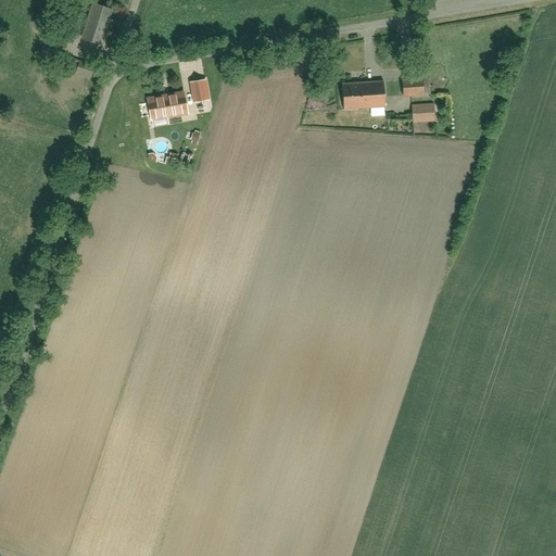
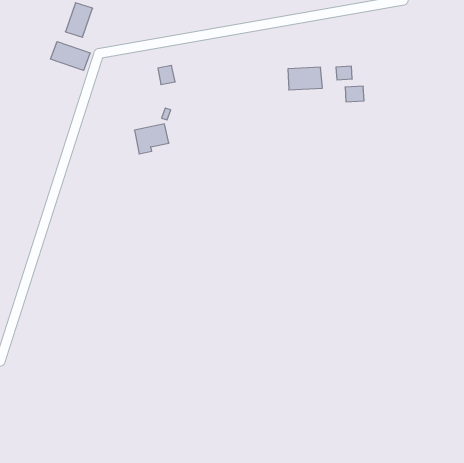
building: none -> [51,42,90,70]
building: [147,90,188,126] -> [134,124,169,154]

